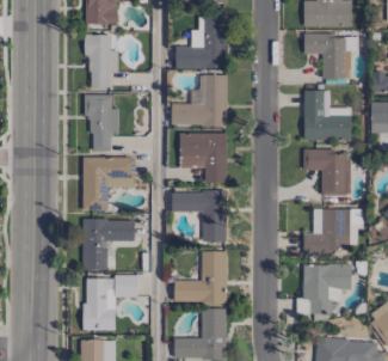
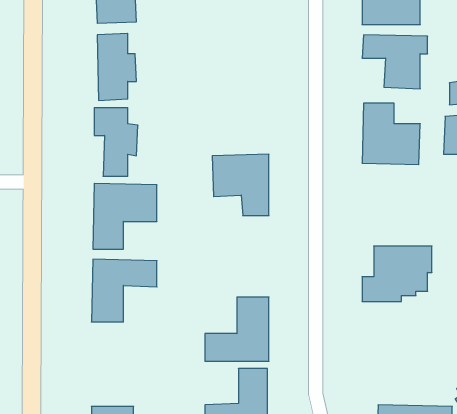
building: [175,16,228,68] -> none
building: [171,74,227,127] -> none
building: [303,148,351,195] -> none
building: [172,191,227,241] -> none
building: [296,265,352,313] -> none
building: [84,276,137,330] -> none

